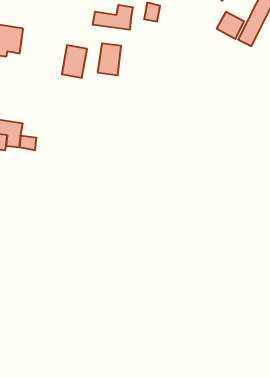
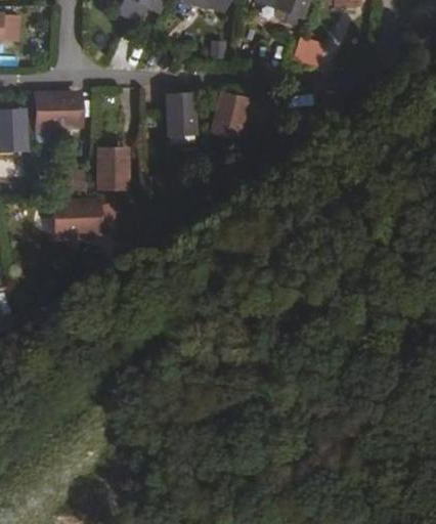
building: [93,5,133,30] -> none
building: [62,45,87,78] -> [99,152,123,186]
building: none -> [213,93,244,131]

